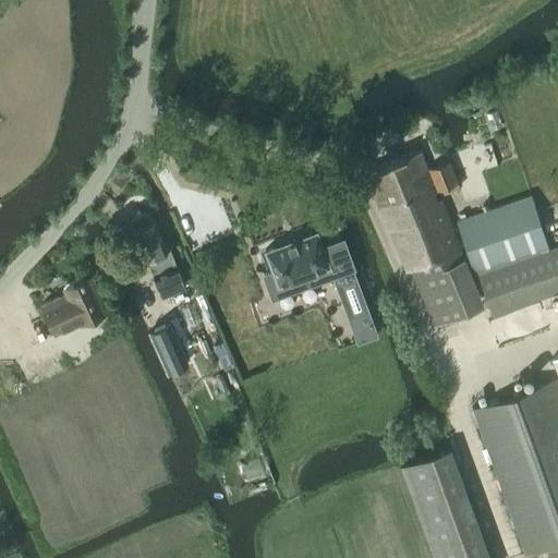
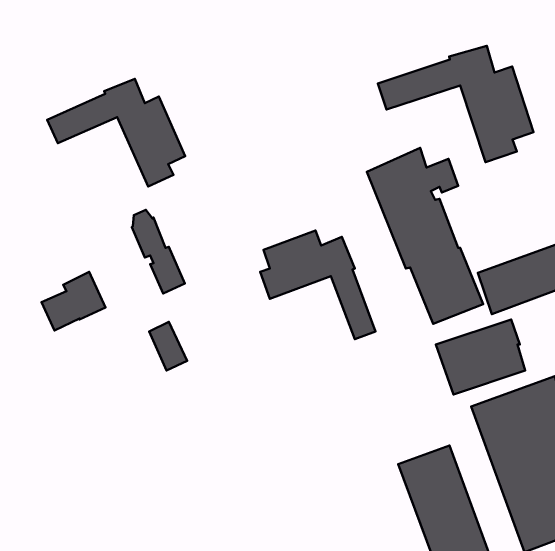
building: none -> [378,46,534,162]
building: none -> [47,79,185,187]
building: [457,199,546,275] -> [436,319,525,394]

